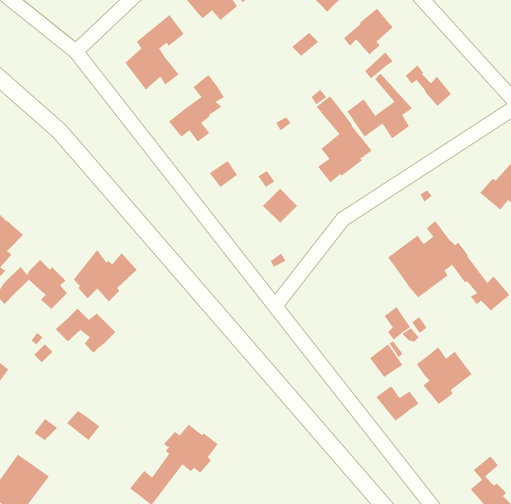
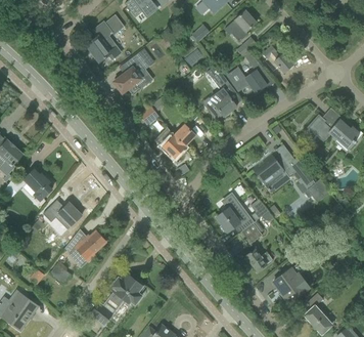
building: none -> [156,129,184,159]
building: [73,249,138,302] -> [64,228,105,262]
building: none -> [216,193,249,231]
building: [416,346,473,405] -> [273,270,309,307]

